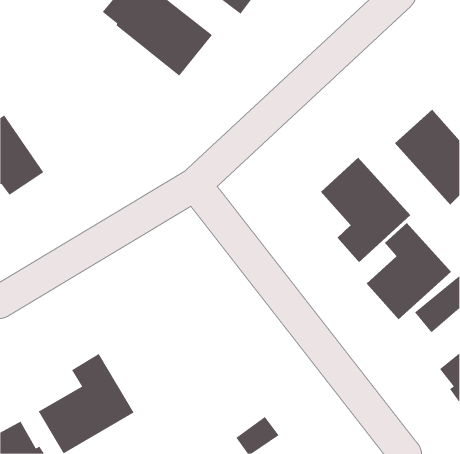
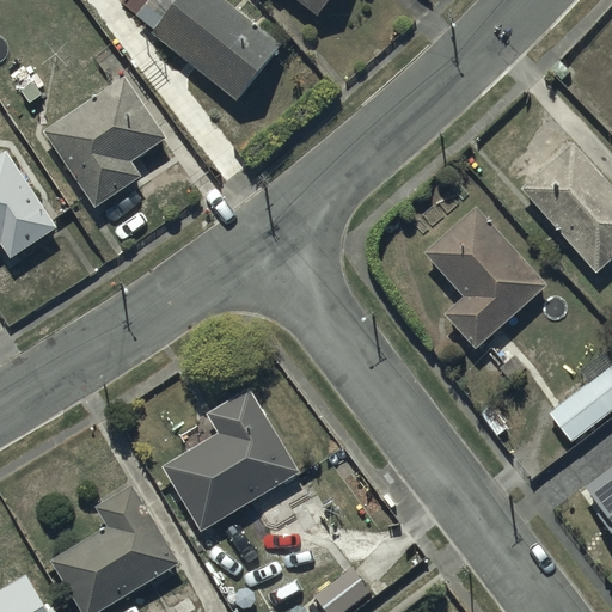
building: none -> [44,79,165,209]
building: [366,222,452,320] -> none
building: none -> [163,391,299,531]

